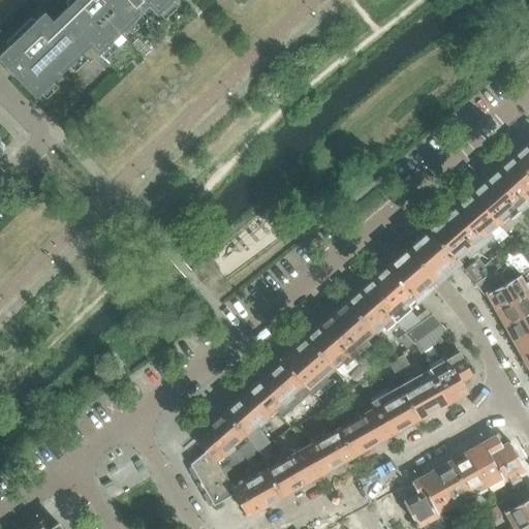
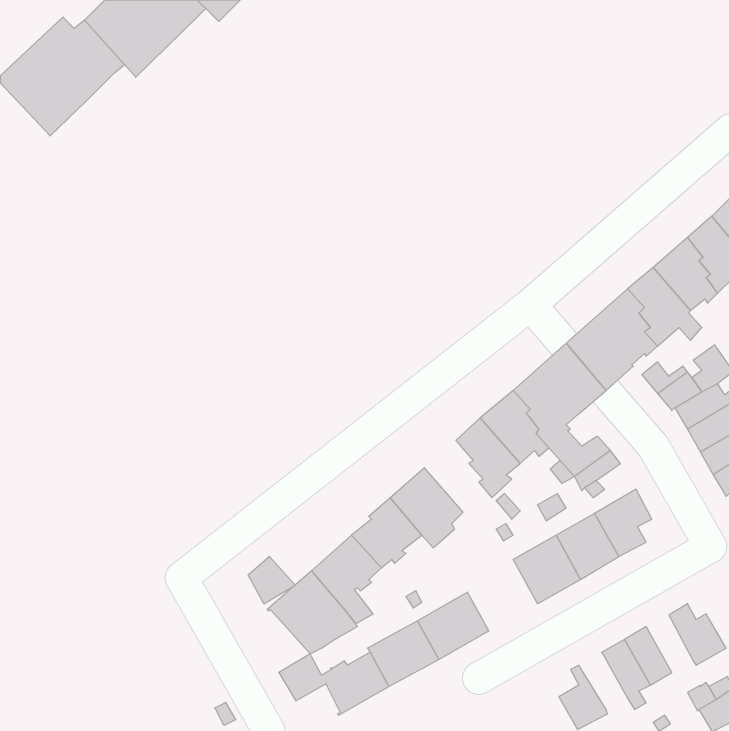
building: [308,318,356,370] -> none
building: [339,408,390,456] -> none
building: [468,444,502,486] -> none
building: [191,452,225,486] -> [248,556,295,604]
building: [419,471,455,512] -> none

